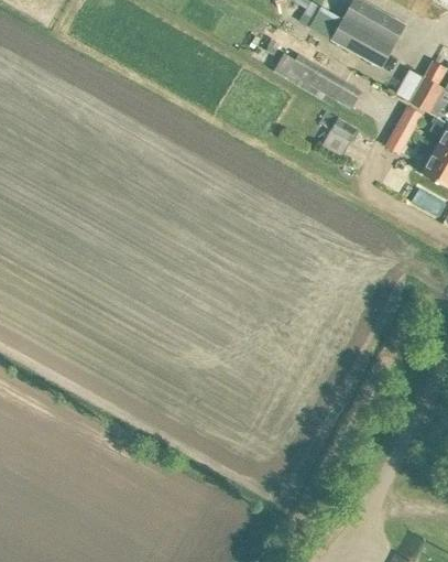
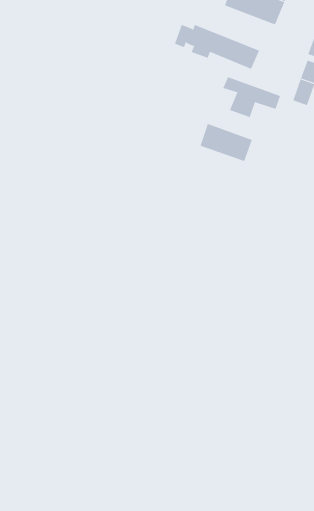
building: none -> [200,123,253,162]

